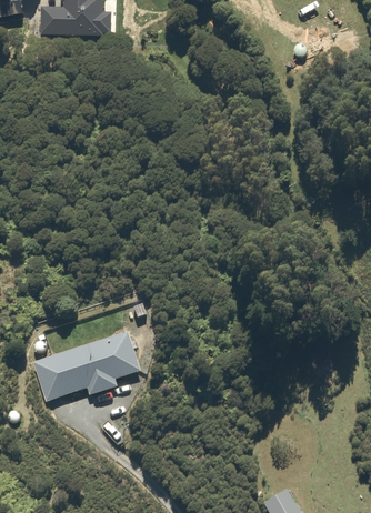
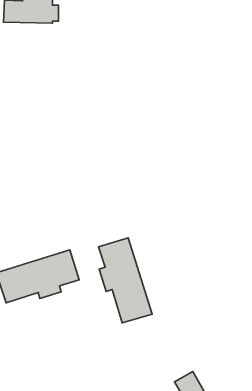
building: none -> [99,238,152,323]

